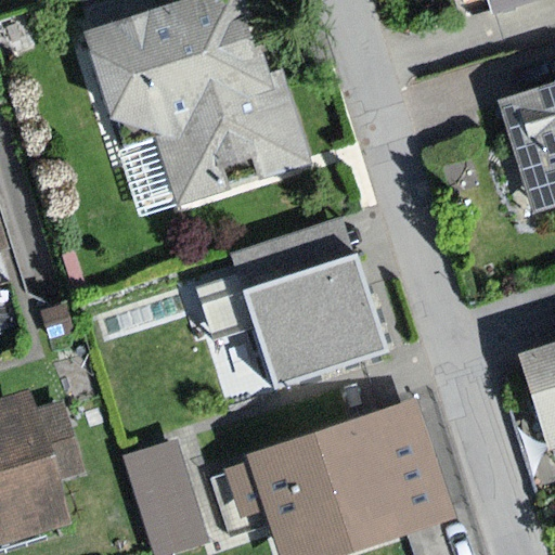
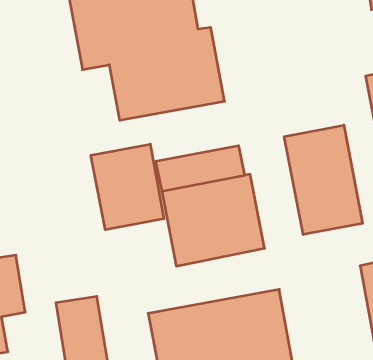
building: none -> [284,125,363,235]
building: none -> [91,144,164,230]

